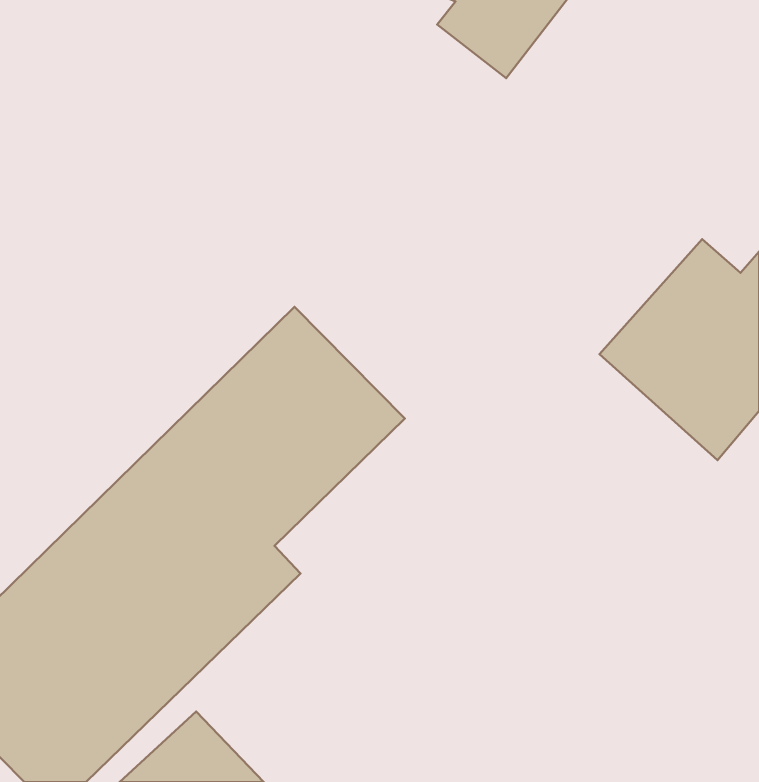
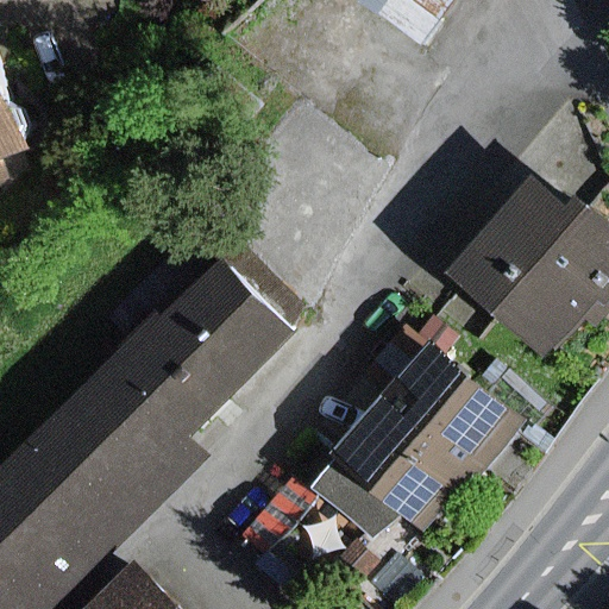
building: none -> [325,345,536,538]

